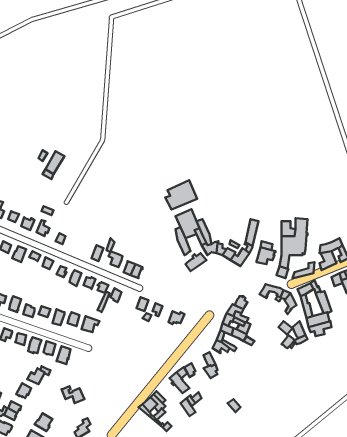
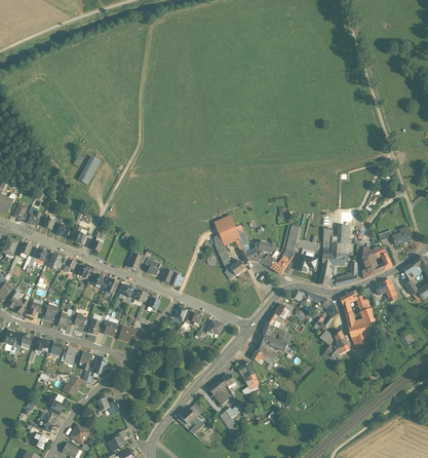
building: [165,180,197,210] -> none

